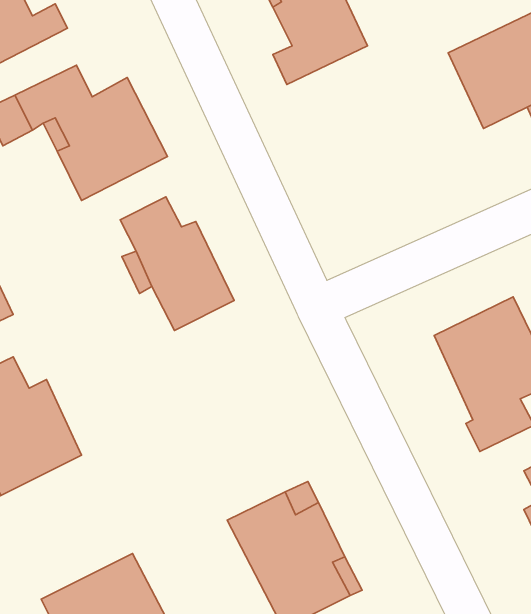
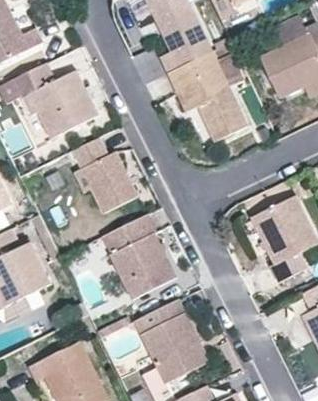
building: none -> [167,51,249,141]
building: none -> [103,213,175,299]

